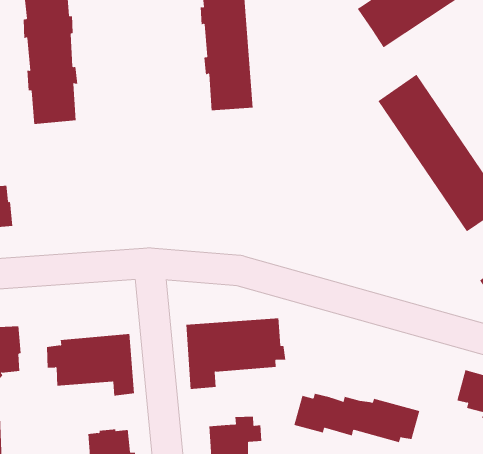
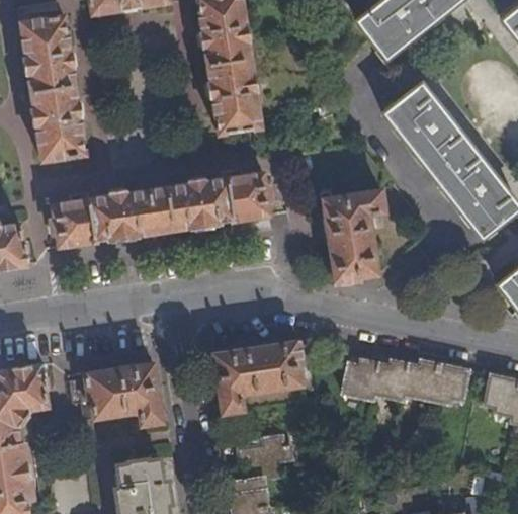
building: none -> [52,173,272,246]
building: none -> [324,190,385,284]
building: [294,393,420,443] -> [343,361,468,405]

